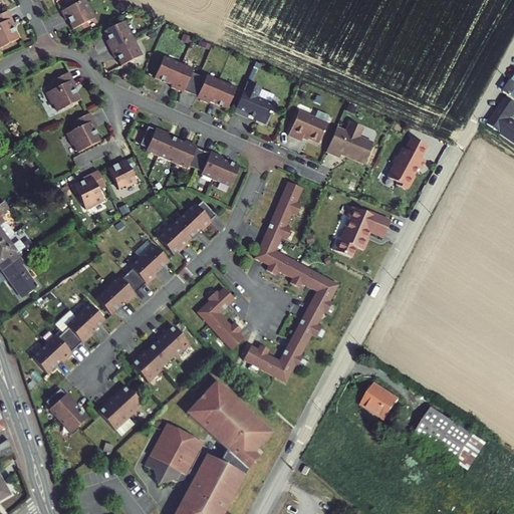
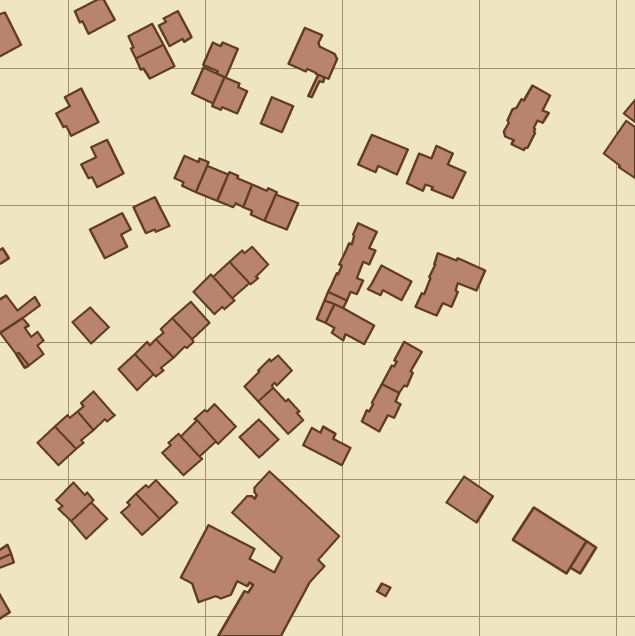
building: none -> [159,11,192,46]
building: [191,73,219,101] -> [203,42,238,77]
building: [234,80,273,121] -> [288,28,337,79]
building: [390,135,427,187] -> [504,85,550,150]
building: [290,262,325,290] -> [368,265,412,300]
building: [75,303,104,332] -> [73,307,109,344]
building: none -> [239,419,278,457]
building: [275,339,305,381] -> none

